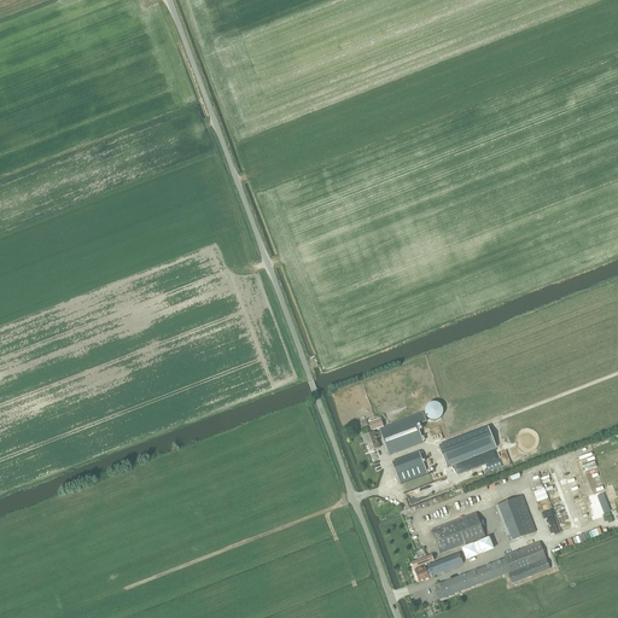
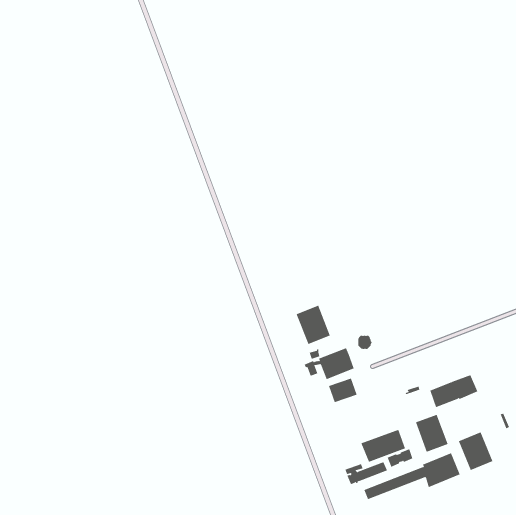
building: none -> [296,305,331,345]
building: [439,426,497,466] -> [430,374,478,408]
building: none -> [458,431,493,471]

